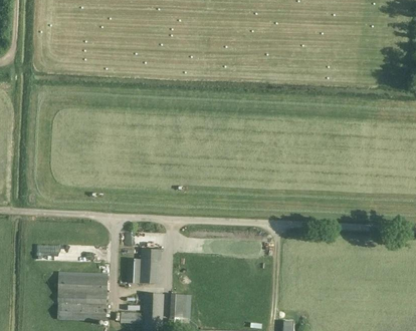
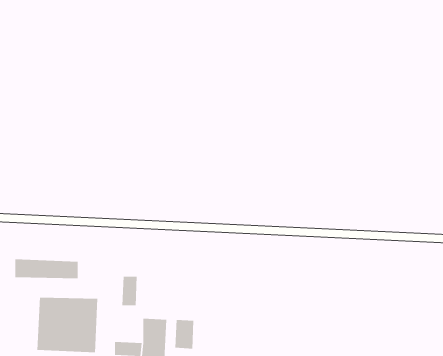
building: [140,248,161,283] -> none

